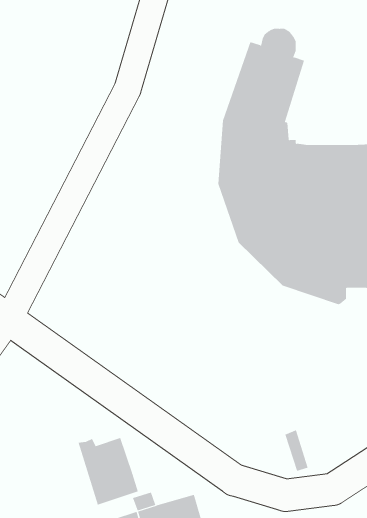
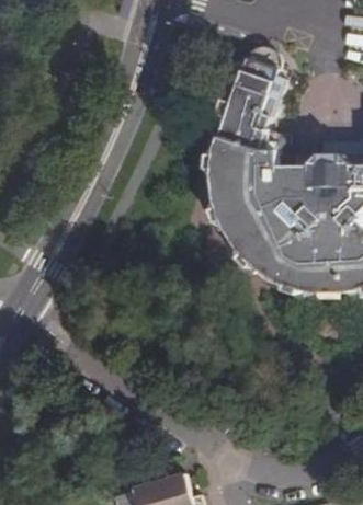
building: [78,437,138,505] -> none

